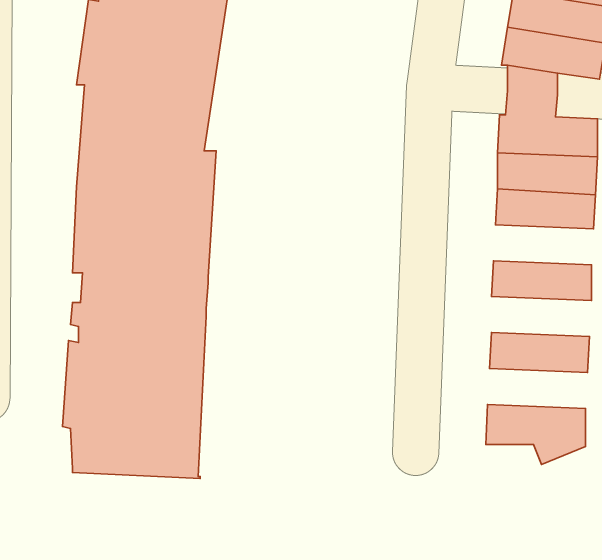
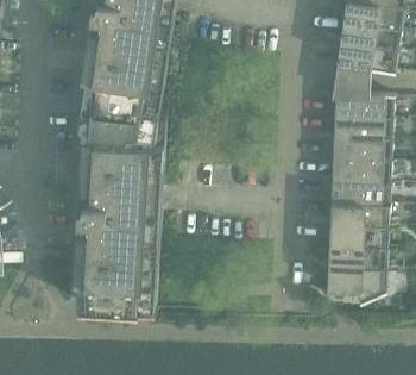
building: none -> [332,158,391,182]
building: none -> [330,201,390,225]
building: none -> [328,244,387,268]

